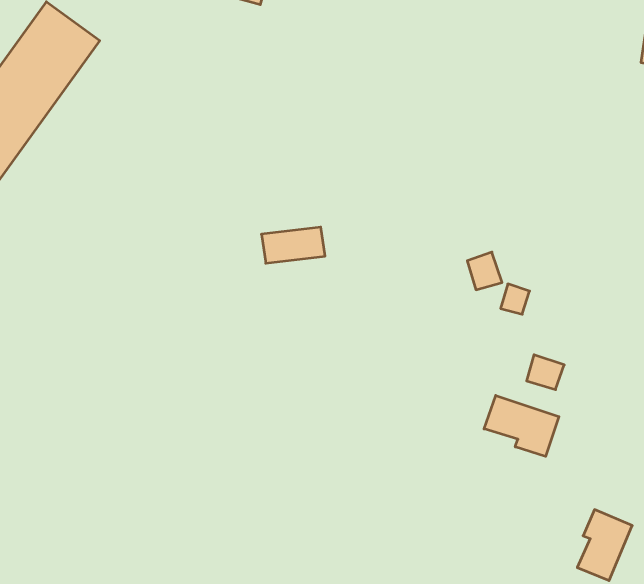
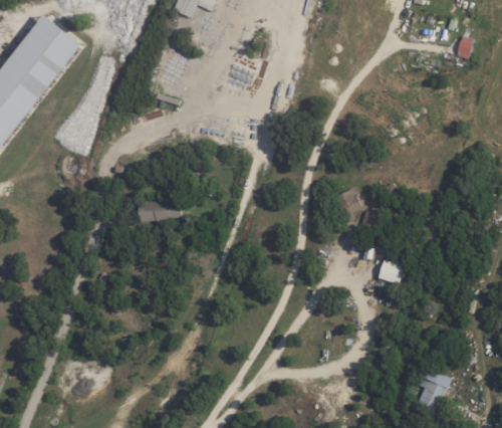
building: [261,227,325,263] -> [136,198,180,223]
building: [484,395,559,456] -> none

